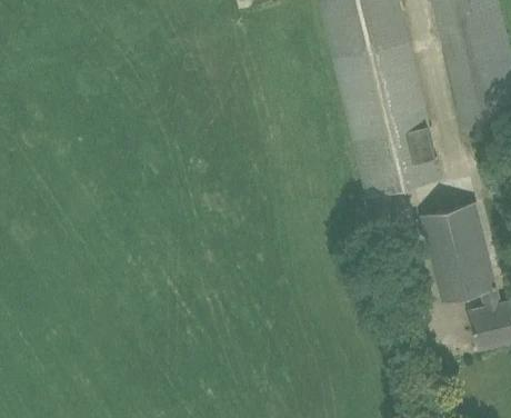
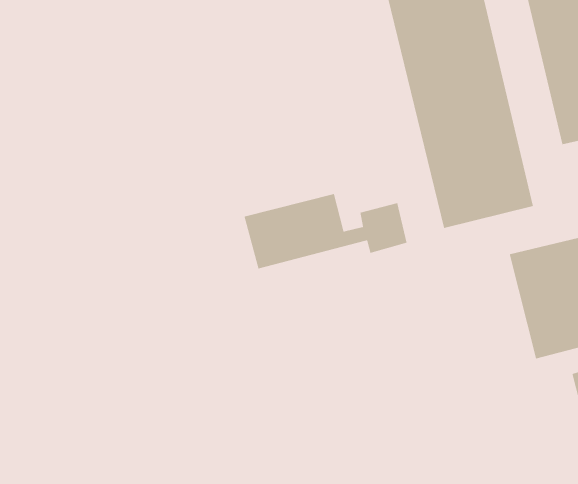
building: none -> [244,193,408,269]

